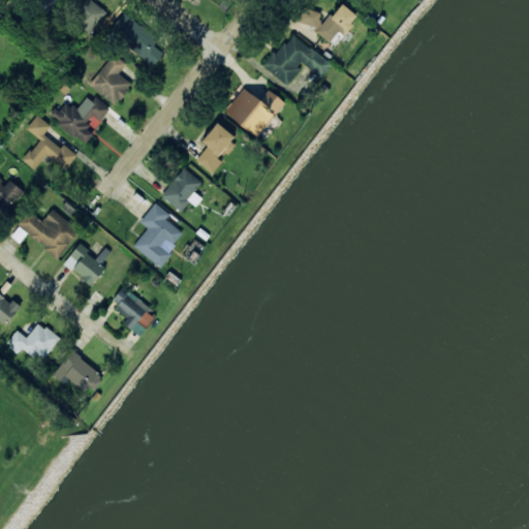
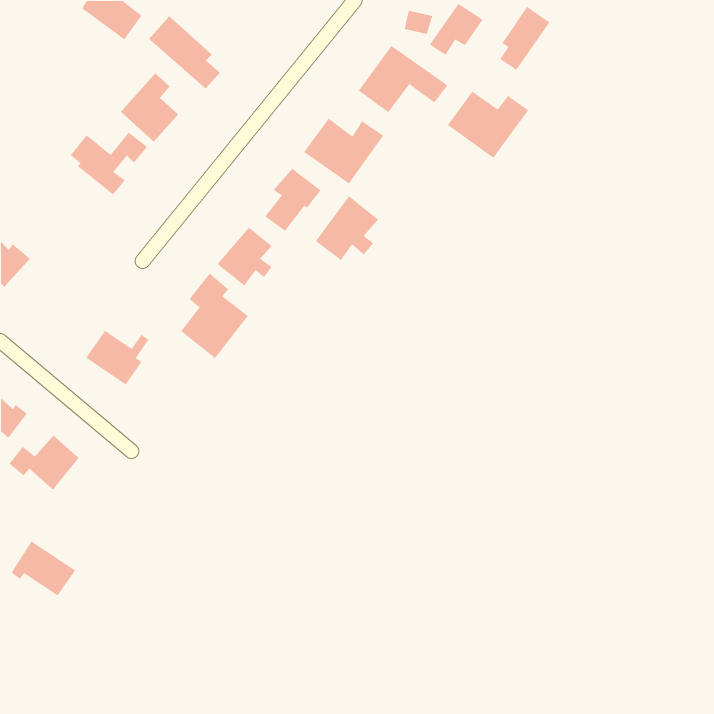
building: none -> [499,6,551,71]
building: none -> [447,90,529,159]
building: [23,115,76,169] -> none
building: none -> [315,195,379,261]
building: [15,209,80,257] -> none
building: [110,286,156,335] -> none
building: [54,351,102,393] -> [10,541,76,597]

